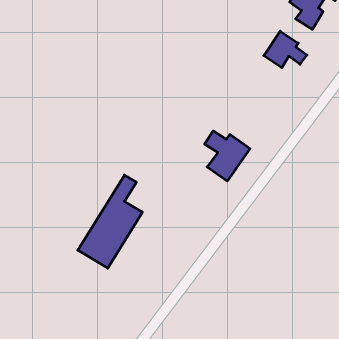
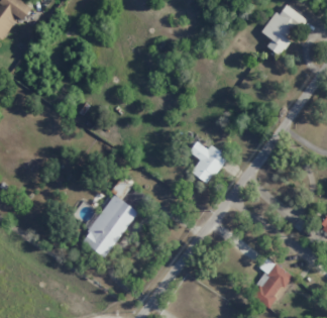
building: [264,31,307,68] -> none
building: none -> [251,257,292,307]

